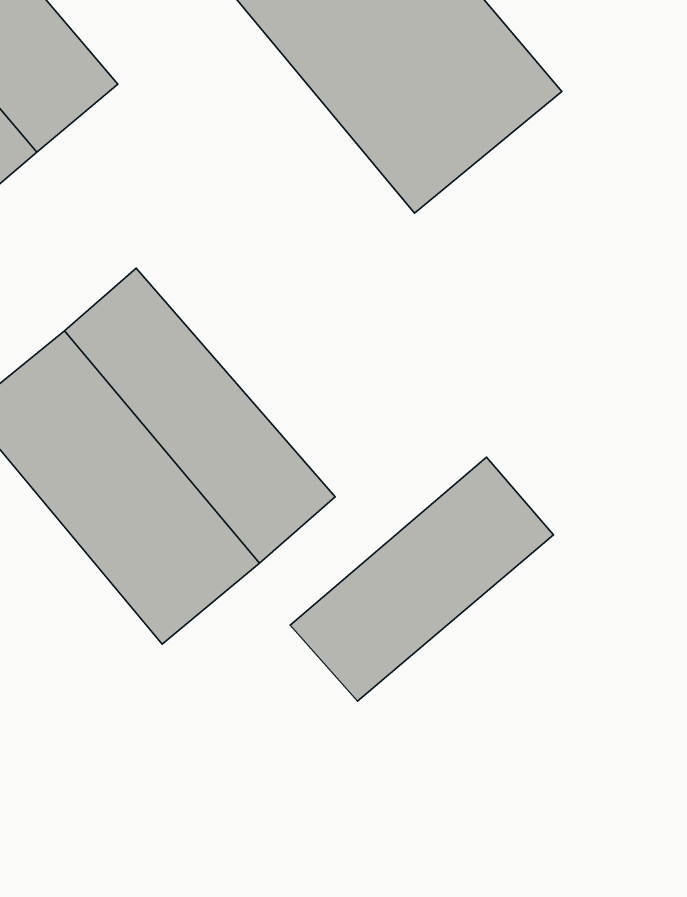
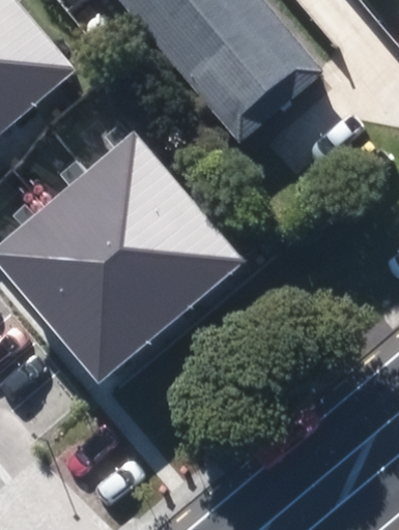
building: none -> [85,131,245,301]
building: [290,457,553,701] -> none

